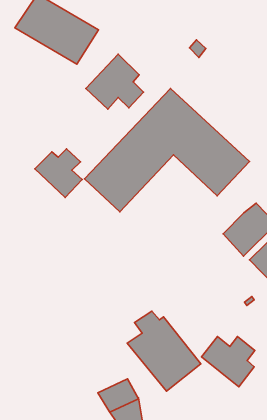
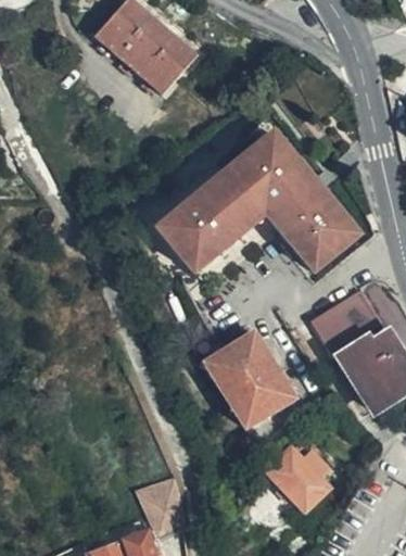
building: [86,54,144,109] -> none
building: [35,149,82,197] -> none
building: [127,311,201,391] -> [210,328,294,427]

